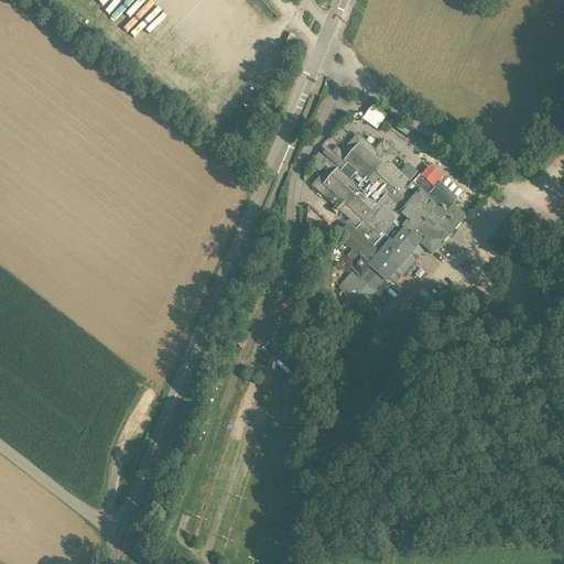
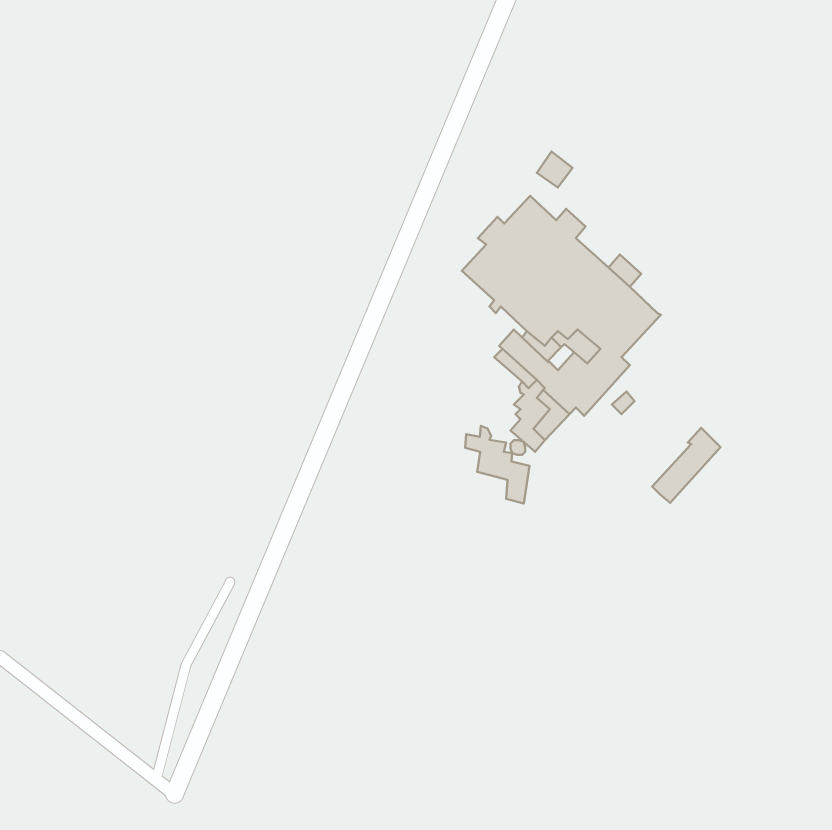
building: [421,202,467,252] -> [652,428,721,503]
building: none -> [465,426,530,503]

